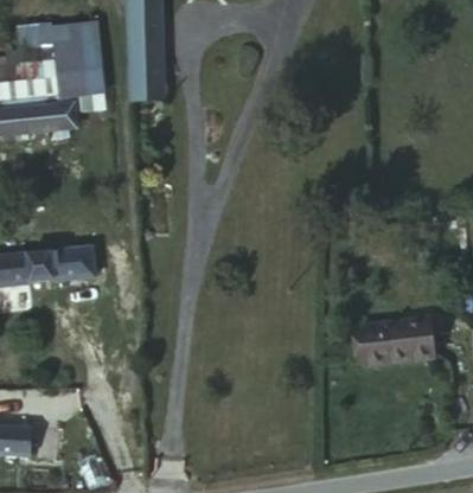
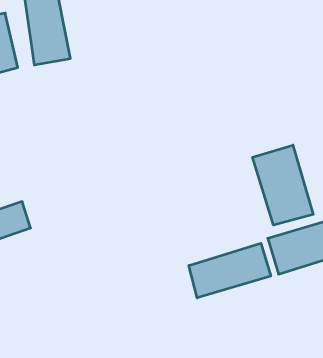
building: none -> [253,145,313,225]
building: none -> [189,243,271,298]

